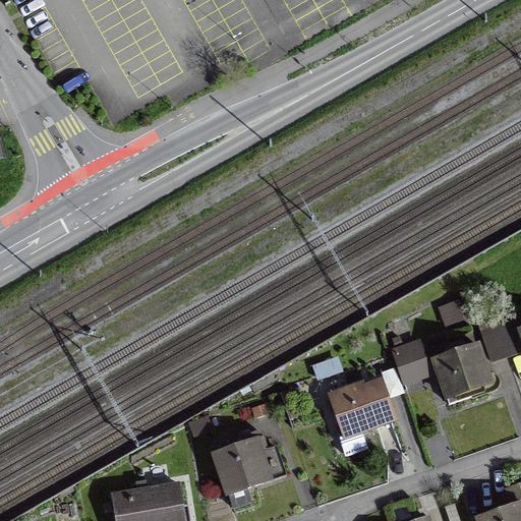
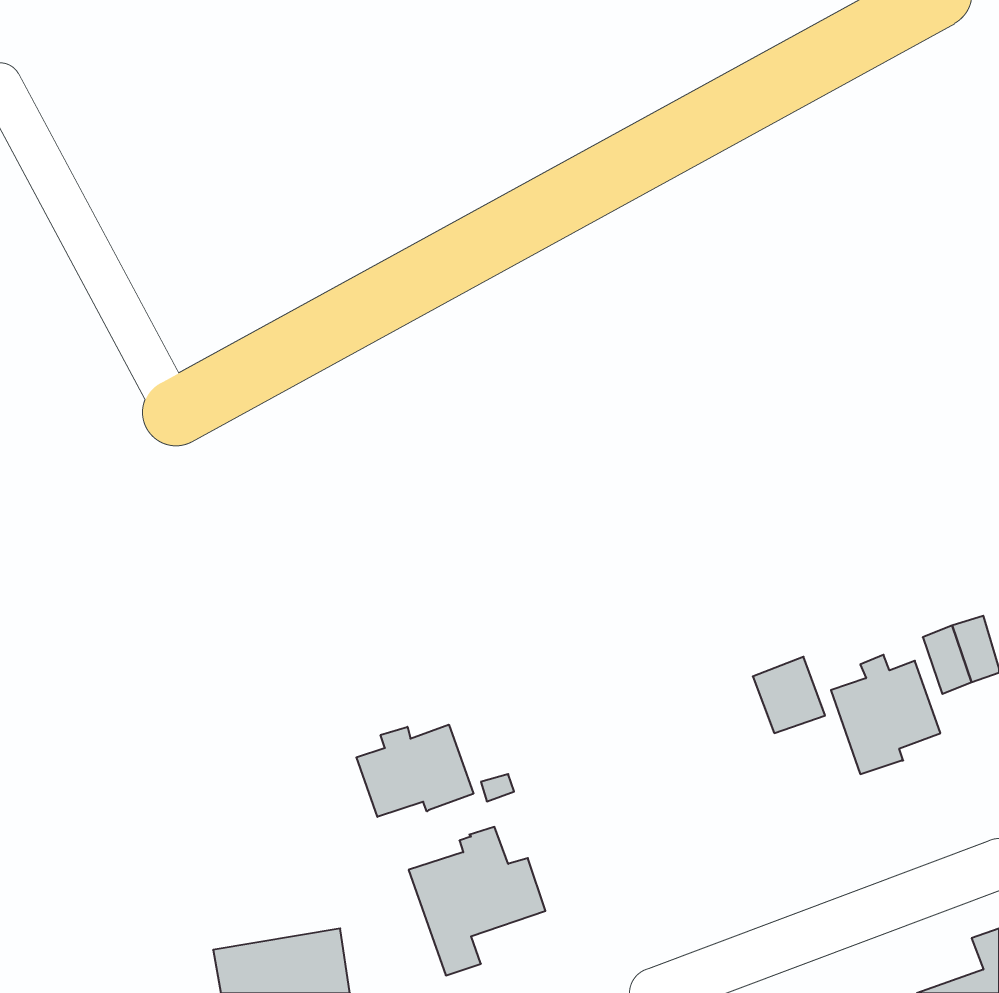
building: none -> [356,725,473,817]
building: [329,381,394,436] -> none

